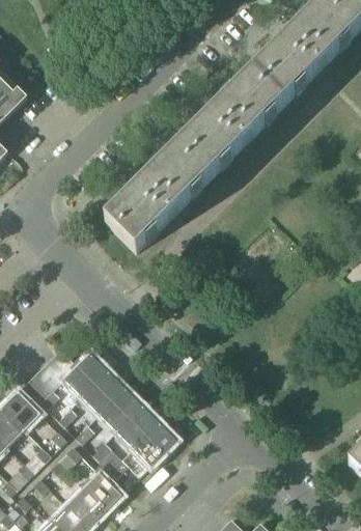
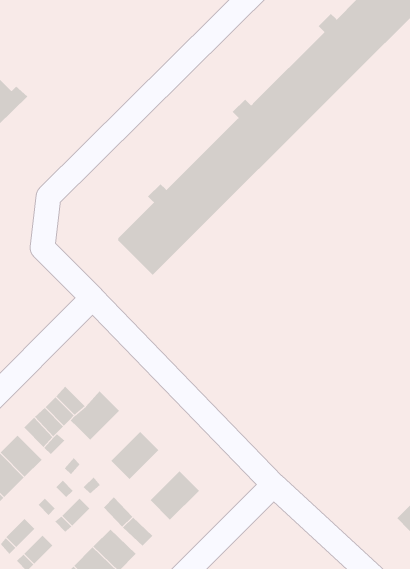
building: [81,368,124,412] -> none
building: [115,402,159,446] -> none

